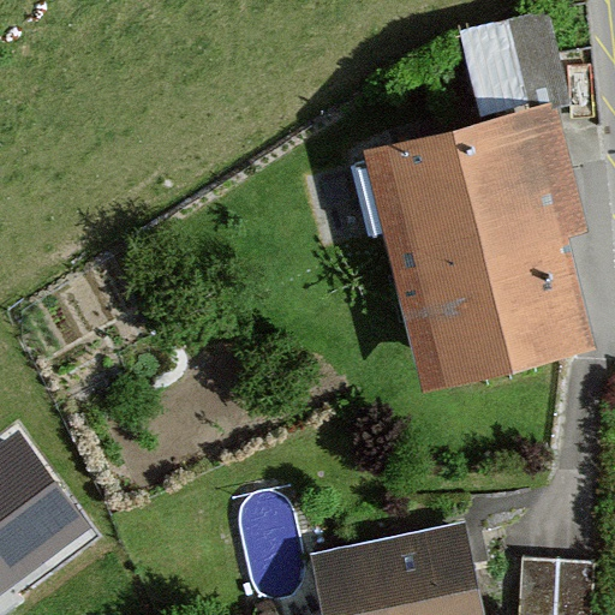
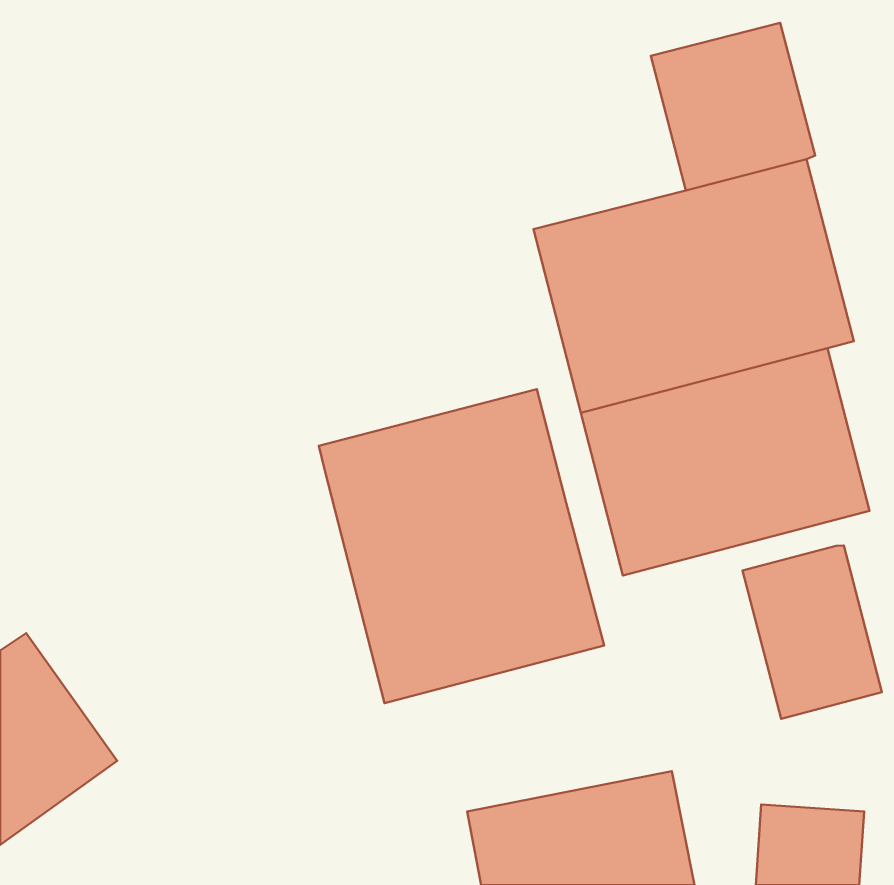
building: none -> [319,389,604,703]
building: none -> [742,545,882,719]

